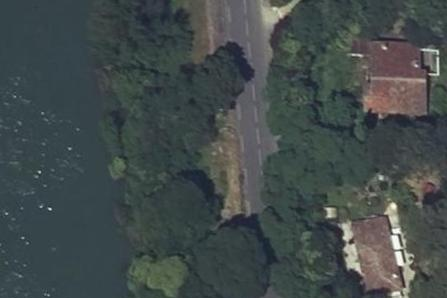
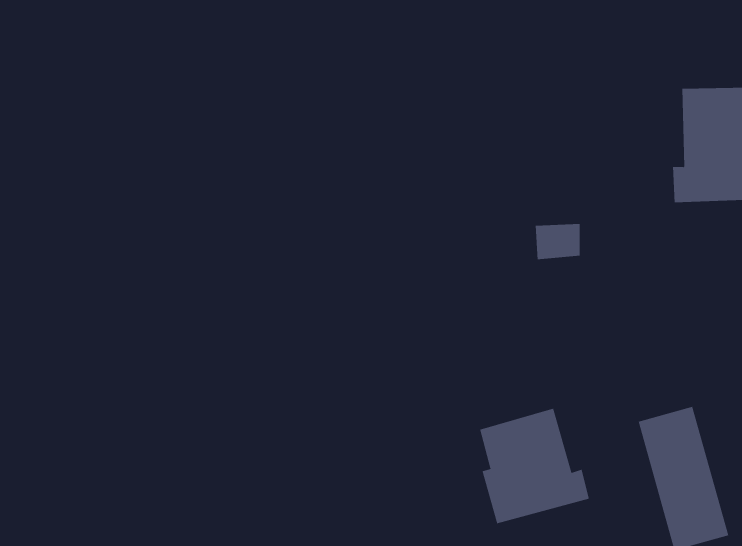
building: none -> [479,408,589,524]

